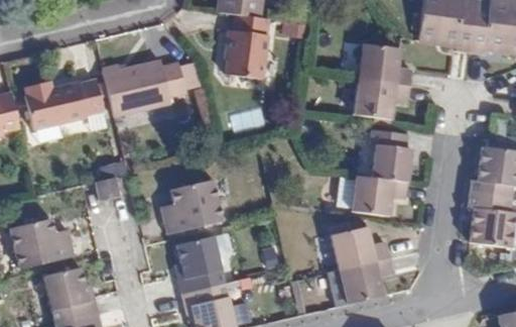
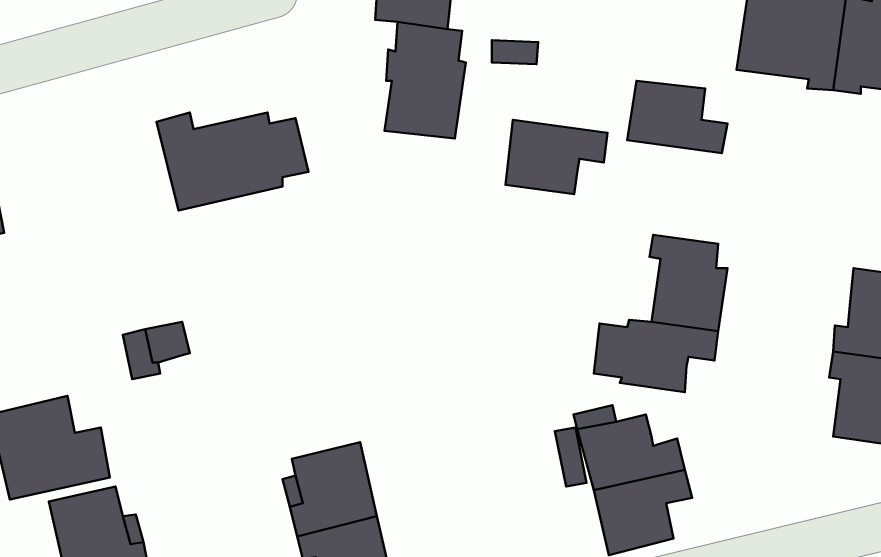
building: [21,76,104,128] -> none
building: [354,78,409,118] -> [505,120,607,194]
building: [160,180,220,232] -> none

